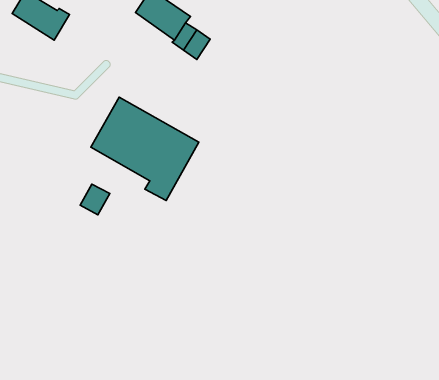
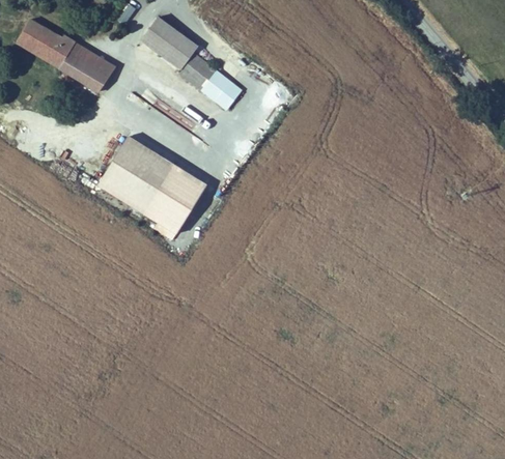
building: none -> [60,47,116,96]
building: none -> [205,71,245,110]
building: [80,184,110,215] -> none

